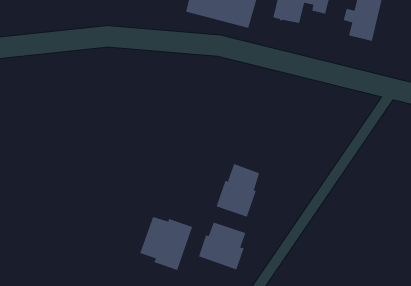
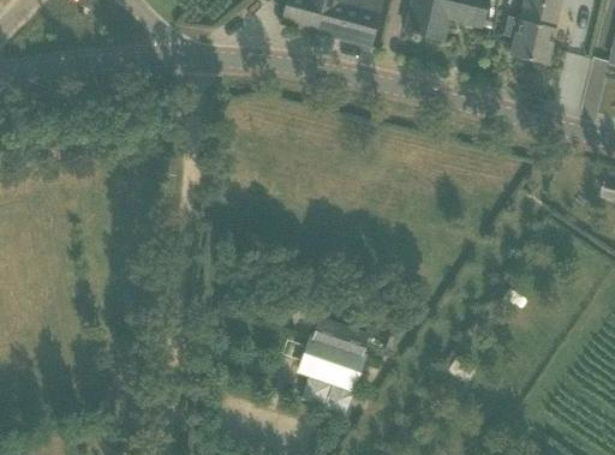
building: [216,163,260,217] -> none
building: [140,216,193,271] -> none

